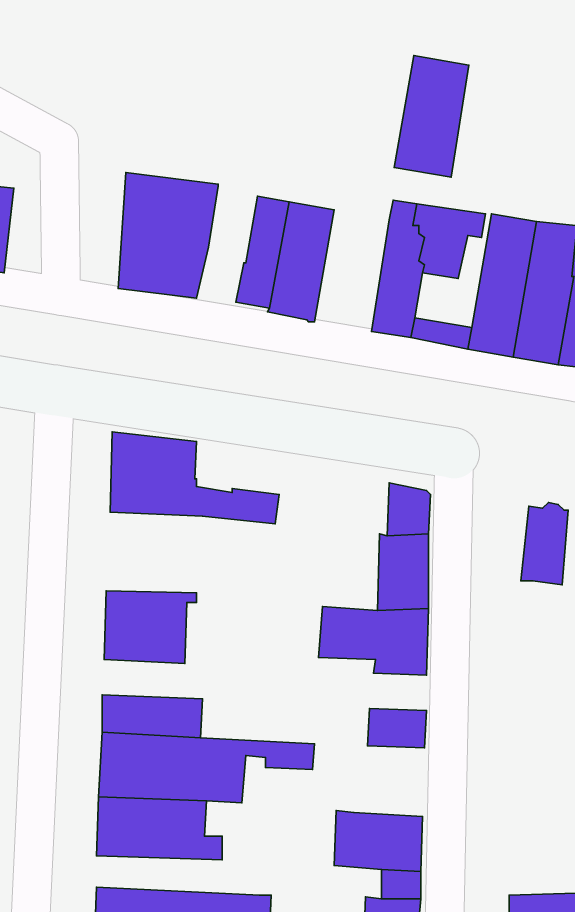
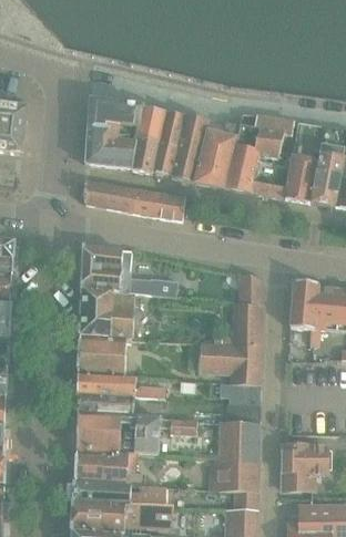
building: [394,55,469,177] -> [196,120,238,188]
building: none -> [130,106,164,174]
building: none -> [83,179,184,220]
building: none -> [288,281,319,345]
building: none -> [79,290,133,337]
building: none -> [77,373,165,397]
building: none -> [218,381,260,402]
building: none -> [218,422,258,462]
building: none -> [281,445,325,490]
building: none -> [73,484,165,506]

